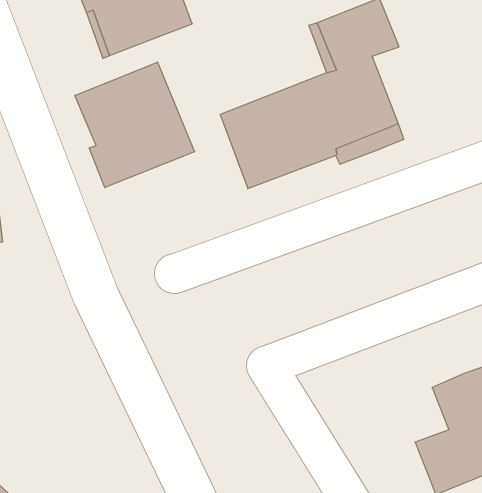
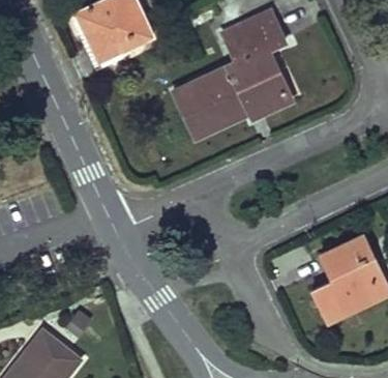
building: [75,62,194,188] -> none

